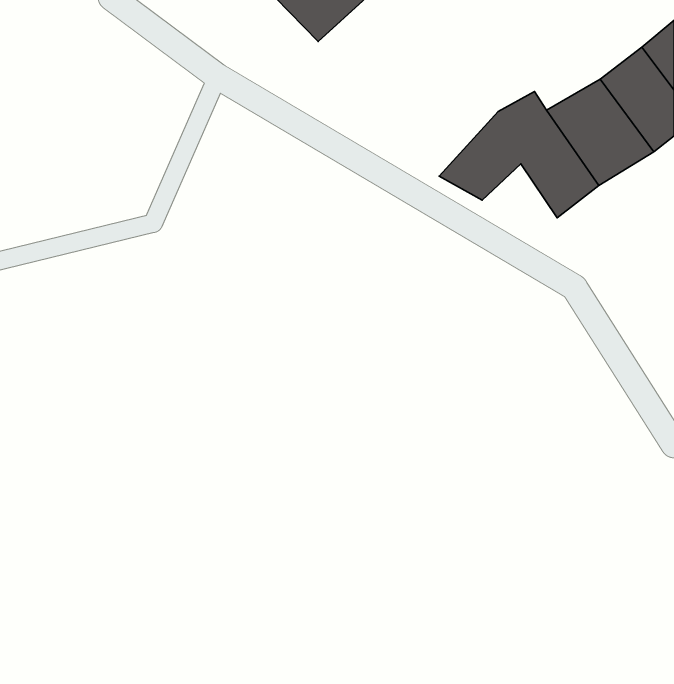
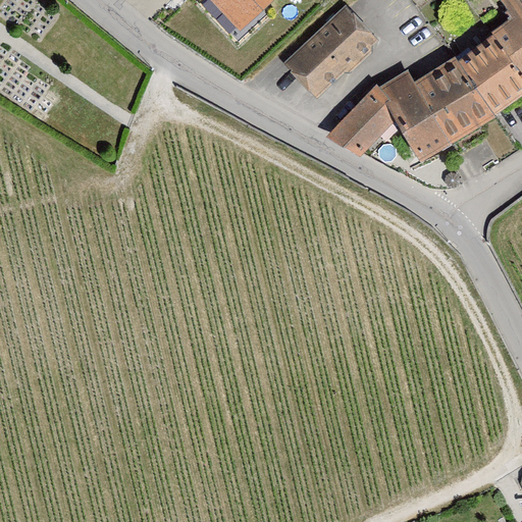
building: none -> [288,5,373,91]

